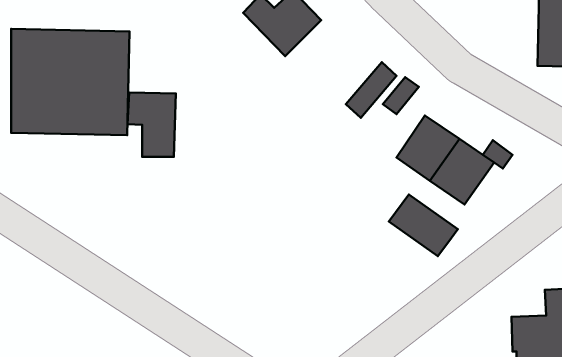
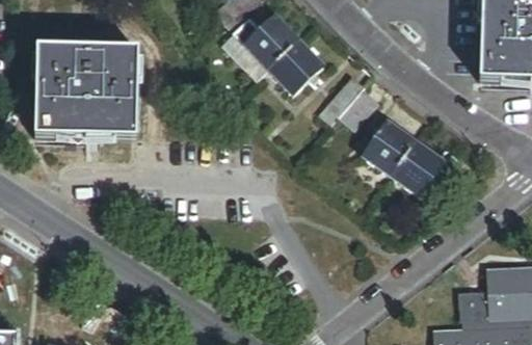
building: none -> [268,41,323,95]
building: [127,92,176,157] -> none
building: [389,195,458,256] -> none

